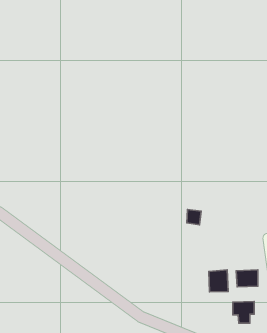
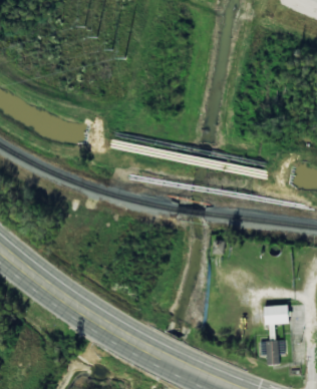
building: [209,270,228,292] -> none

